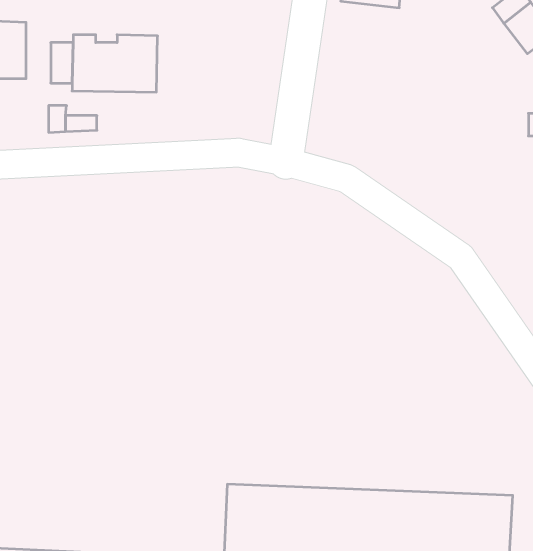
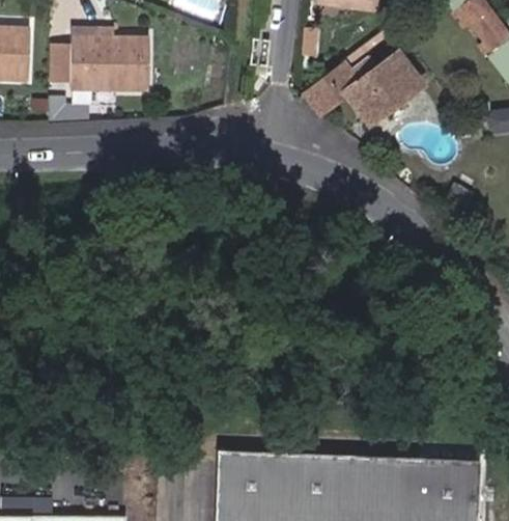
building: none -> [303,53,420,124]

